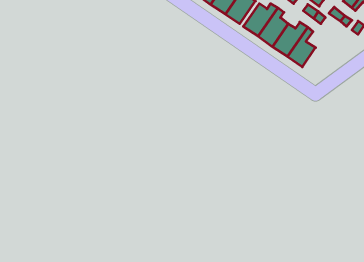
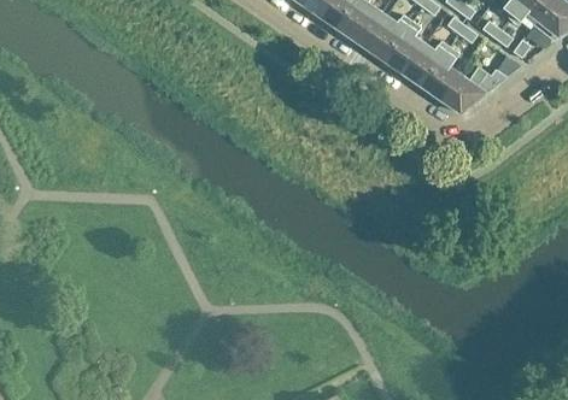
building: none -> [445,57,520,113]

